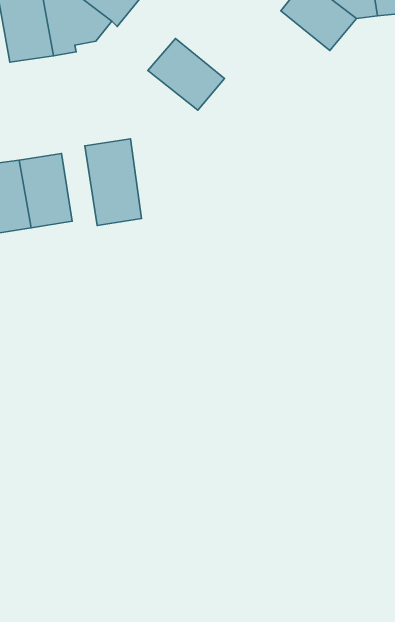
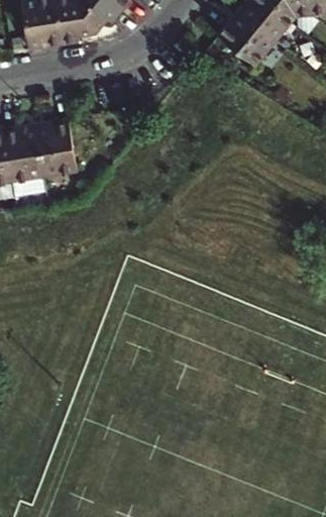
building: [148,39,224,110] -> [214,10,273,65]
building: [85,139,142,225] -> none

